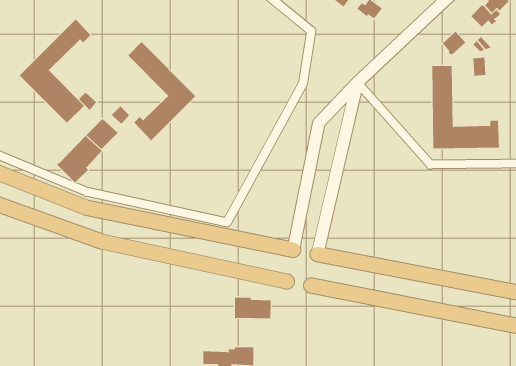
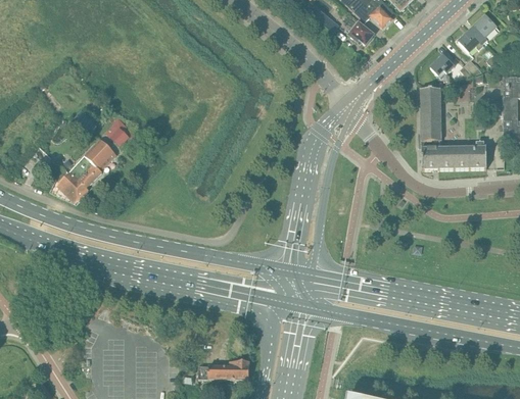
building: [19,19,91,124] -> none
building: [128,41,196,141] -> none
building: [234,297,271,319] -> none

